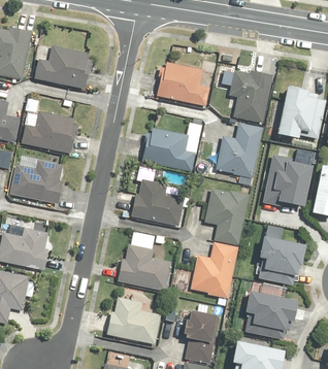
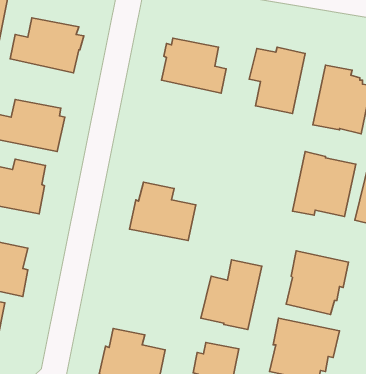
building: [143,122,200,173] -> none
building: [216,122,263,178] -> none
building: [204,188,249,245] -> none
building: [117,244,171,291] -> none

